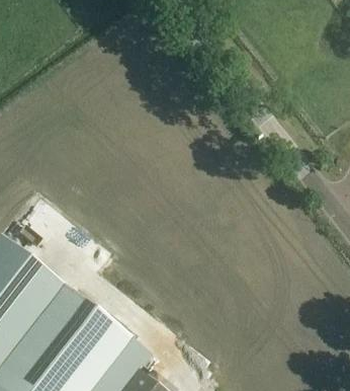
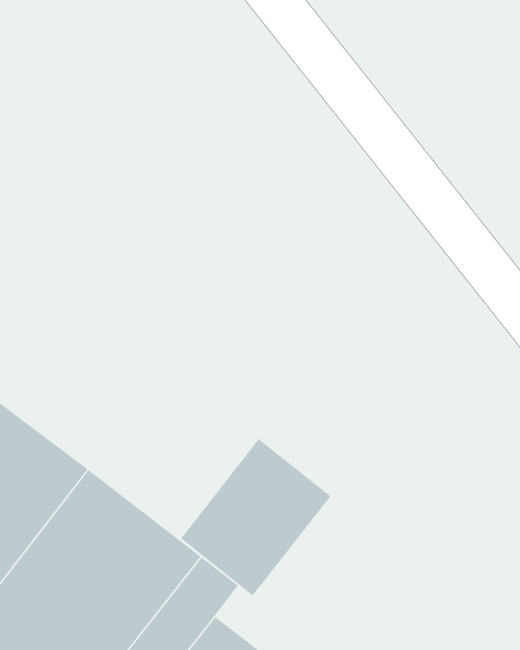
building: none -> [180,438,331,597]

